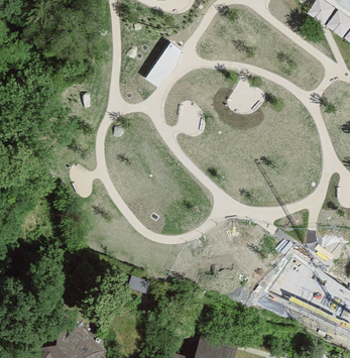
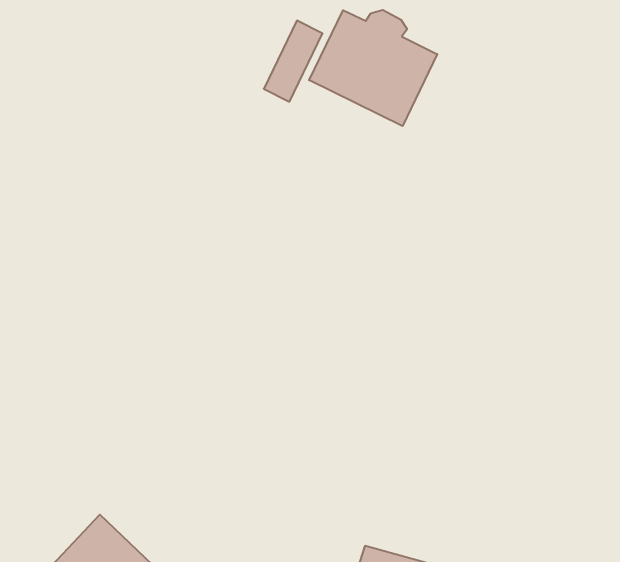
building: none -> [309,10,437,126]

